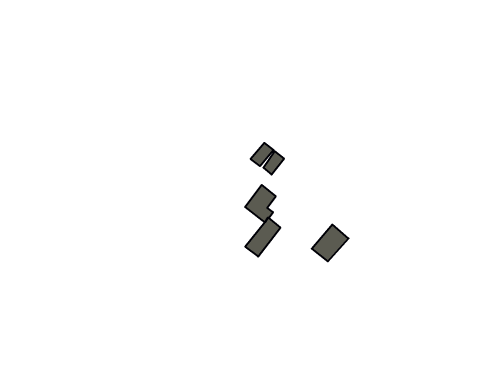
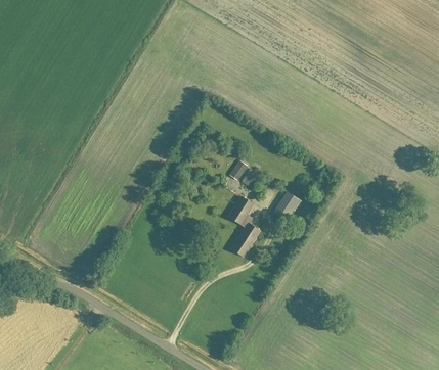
building: [312,225,349,261] -> [271,193,301,224]

